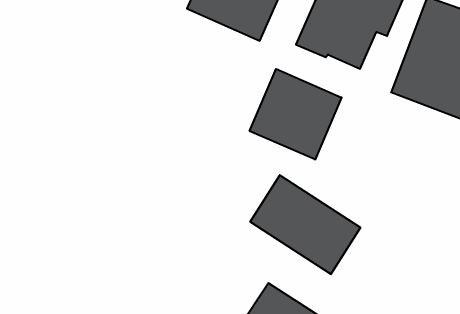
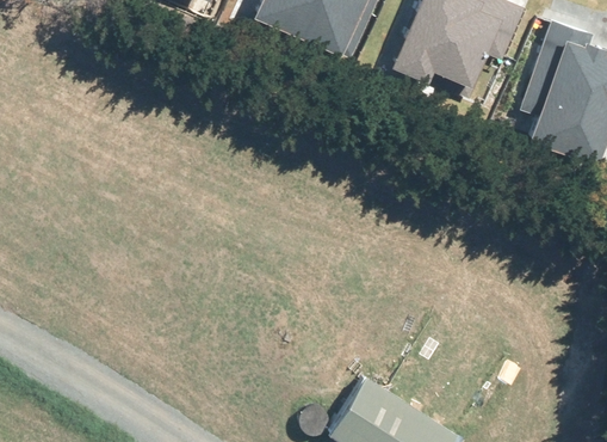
building: [250,69,342,160] -> none
building: [250,175,360,274] -> none

